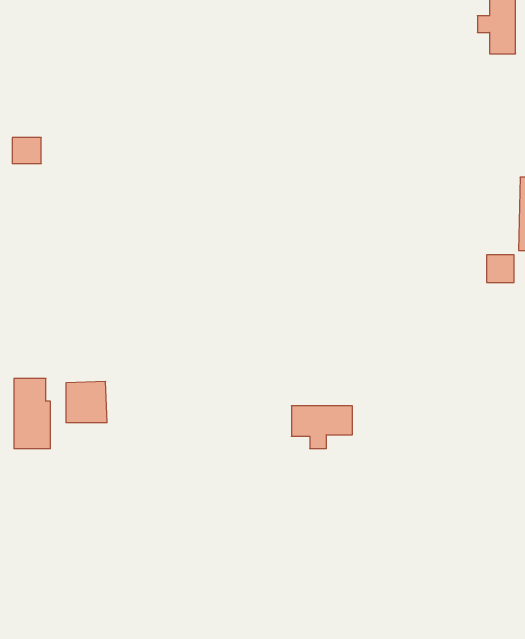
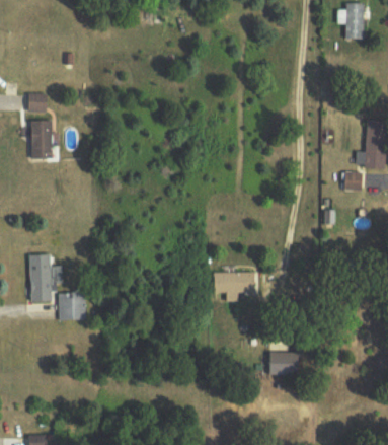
building: none -> [31,121,52,158]
building: [66,381,107,423] -> [58,293,85,320]
building: none -> [269,353,298,375]

